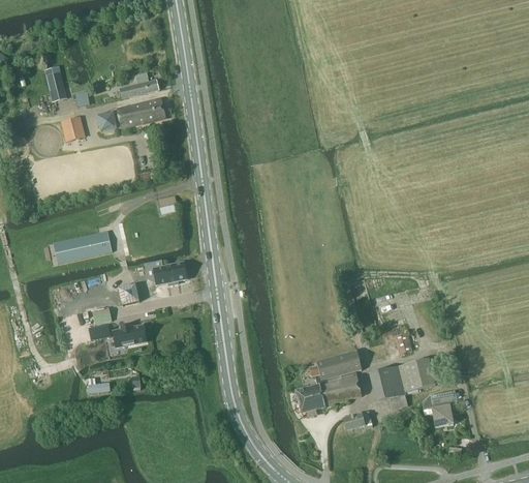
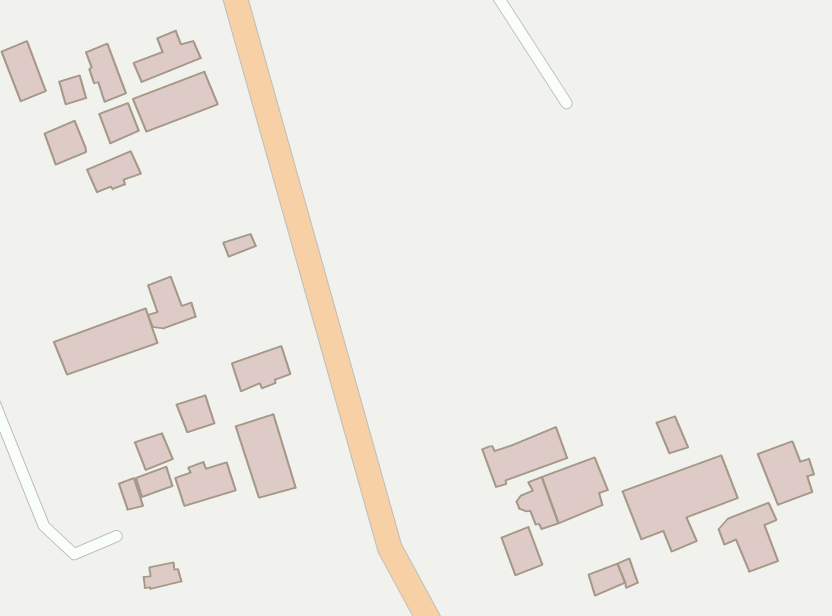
building: none -> [86,44,126,102]
building: none -> [87,151,141,192]
building: none -> [148,277,196,329]
building: none -> [236,414,296,498]
building: none -> [758,441,814,505]
building: [312,379,361,409] -> [482,427,567,487]

